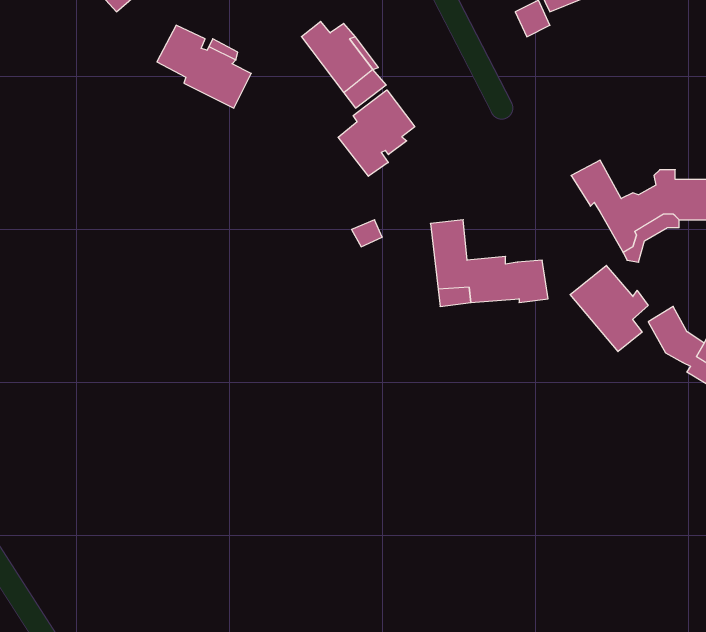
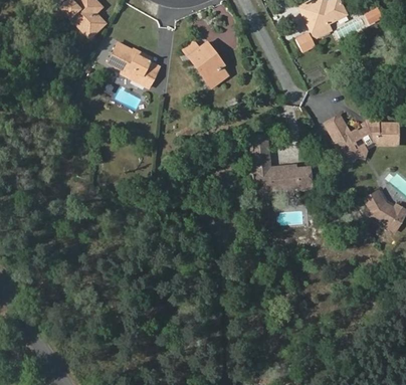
building: [338,90,415,176] -> none
building: [570,265,648,352] -> none

